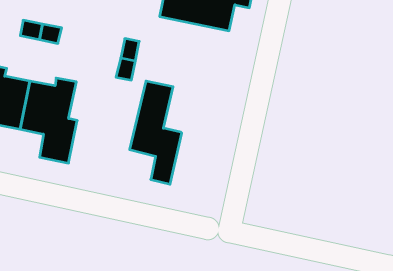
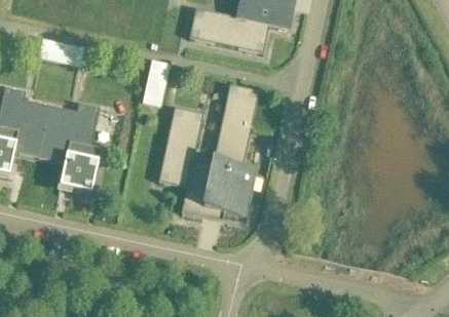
building: none -> [199,83,258,220]

